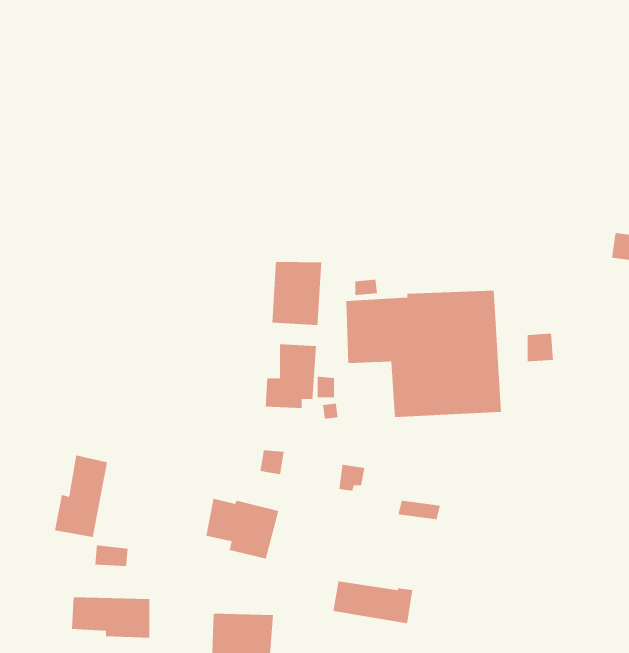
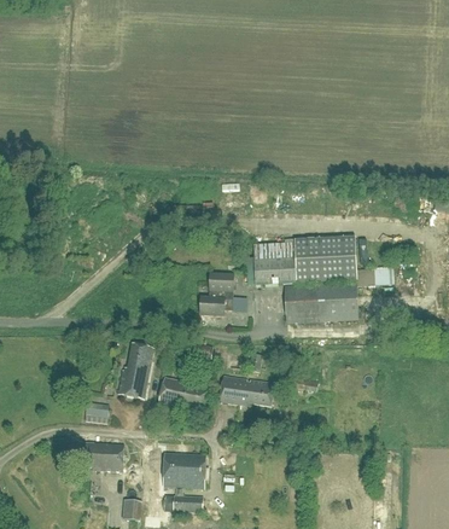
building: [272,261,322,326] -> none
building: [54,455,108,538] -> [117,342,153,397]
building: [333,581,413,624] -> [220,376,274,405]

